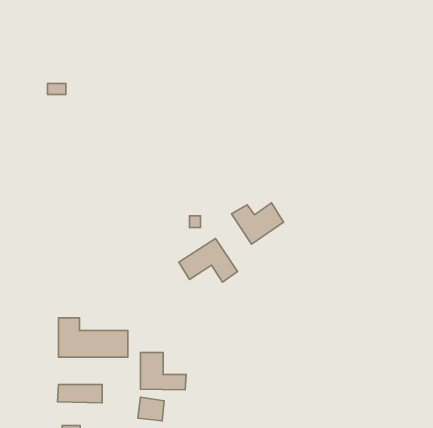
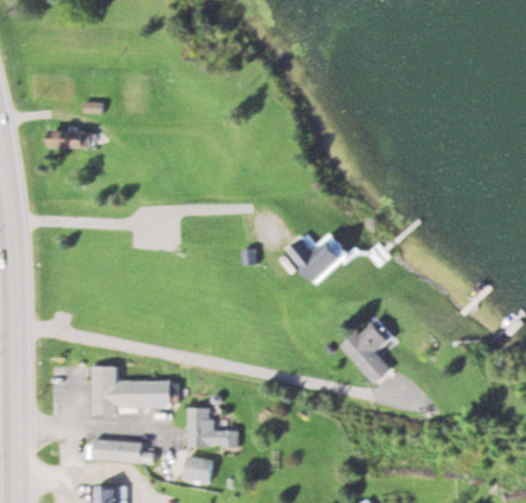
building: none -> [48,131,91,147]
building: [179,238,238,282] -> none
building: none -> [342,319,392,385]

